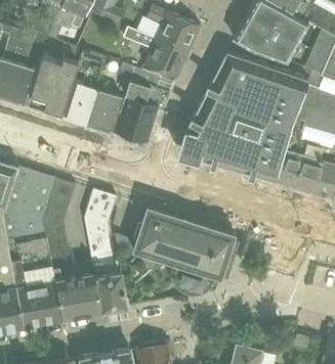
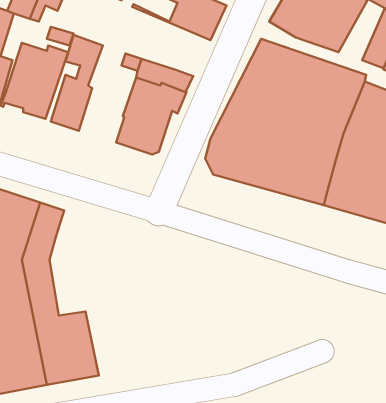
building: [124,29,187,79] -> none
building: [86,91,121,132] -> none
building: [84,190,127,312] -> none
building: [133,208,234,293] -> none

